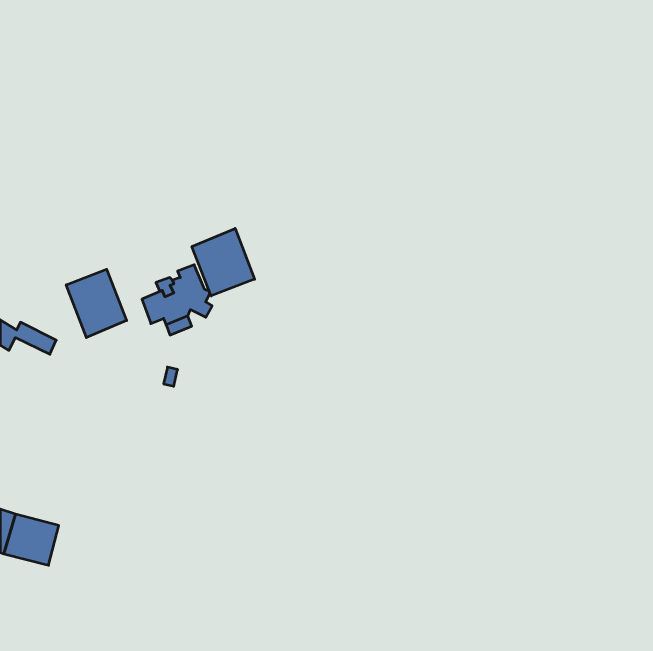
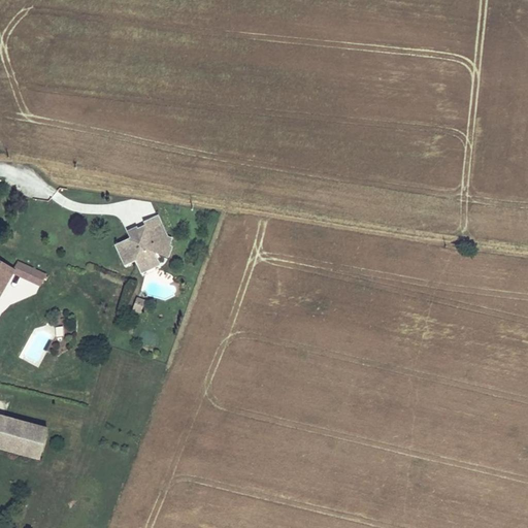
building: [192,228,255,296] -> none
building: [66,269,127,338] -> none

